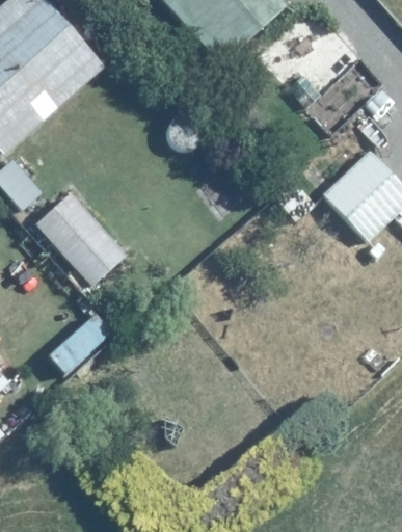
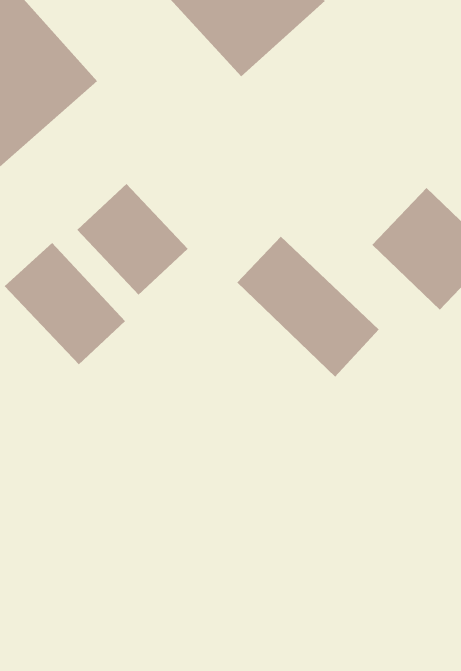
building: none -> [76,183,189,296]
building: none -> [236,236,379,377]

